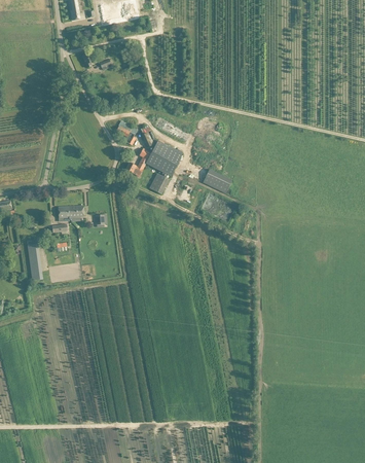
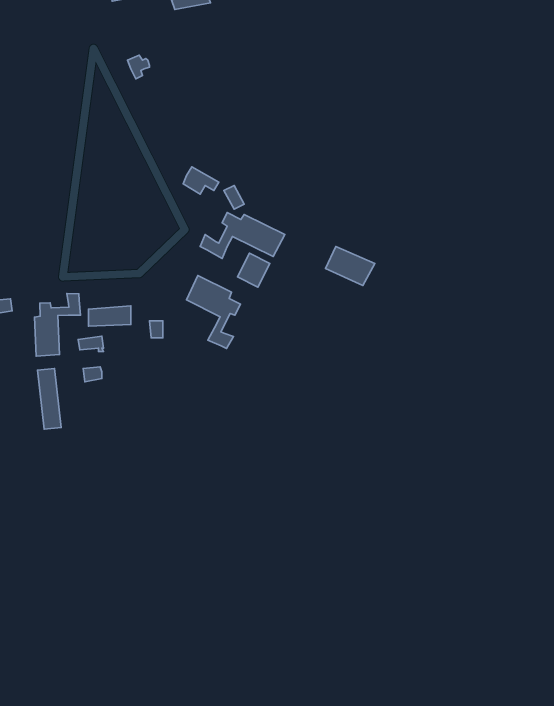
building: none -> [186,275,241,349]
building: none -> [35,294,80,356]

